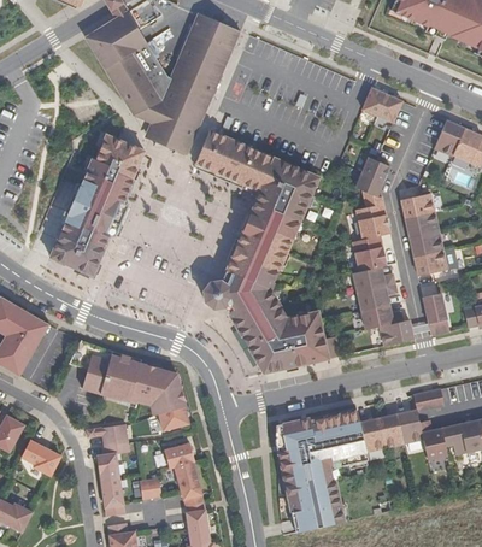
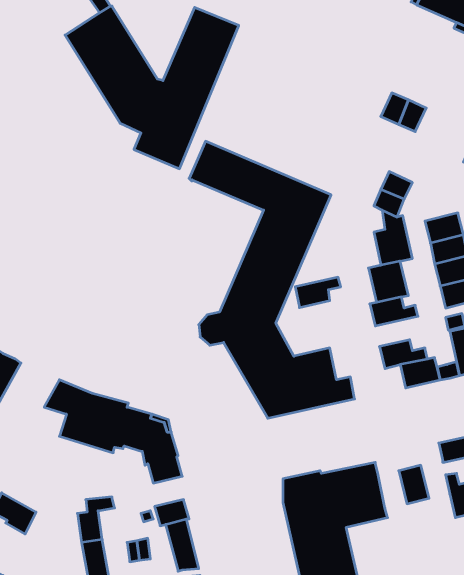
building: [51,136,145,276] -> none
building: [358,284,398,311] -> [295,277,341,308]
building: [398,411,423,443] -> none
building: [360,419,386,452] -> none
building: [87,424,128,445] -> none

